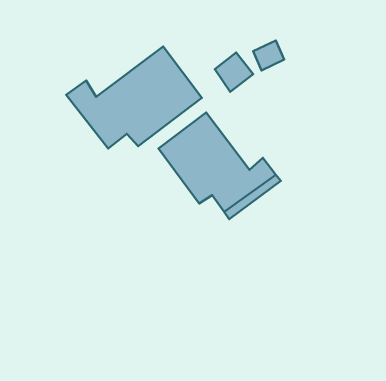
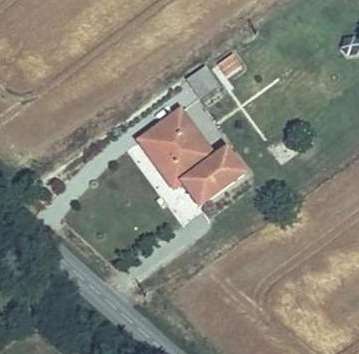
building: [66,46,202,149] -> none

